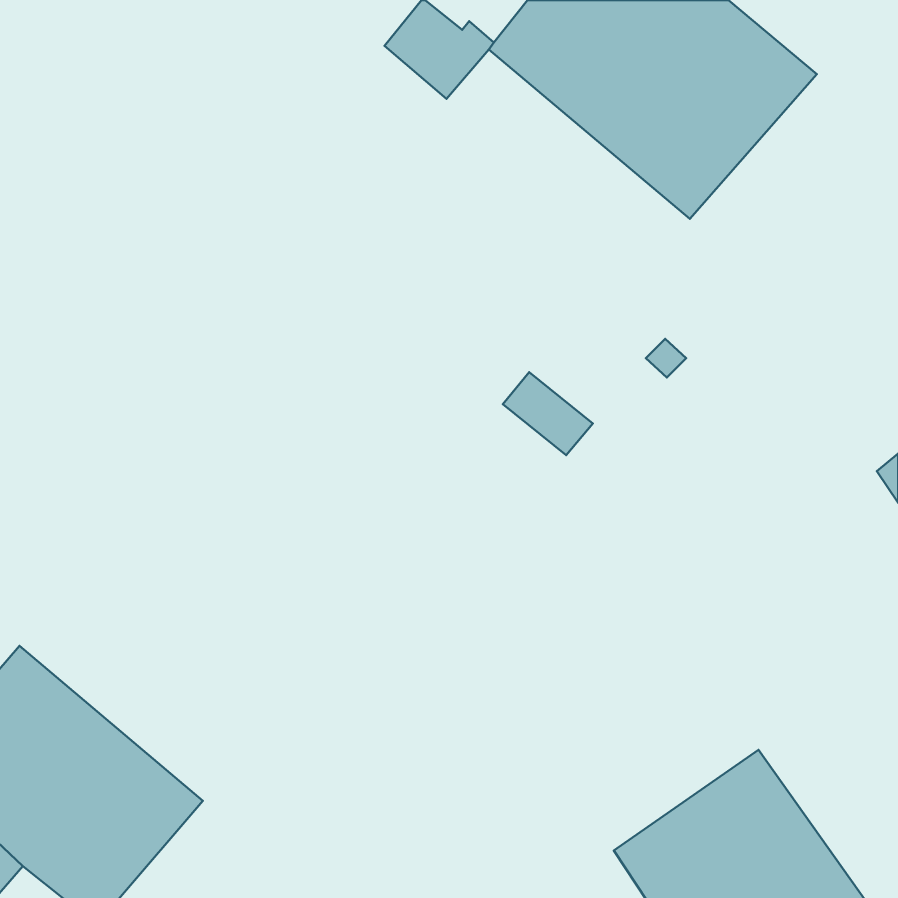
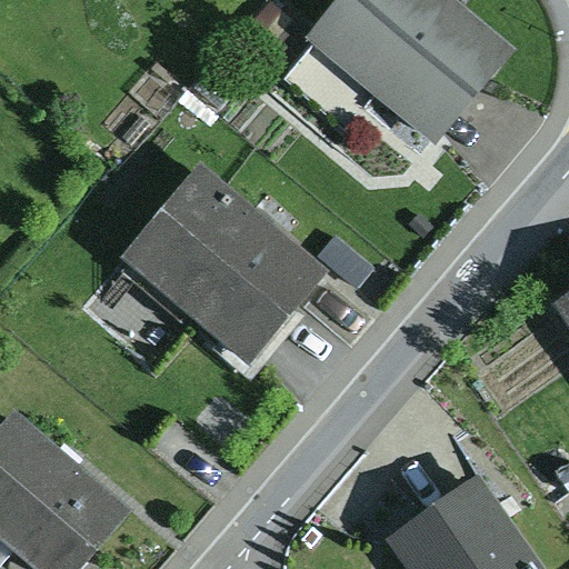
building: none -> [120,162,327,363]

